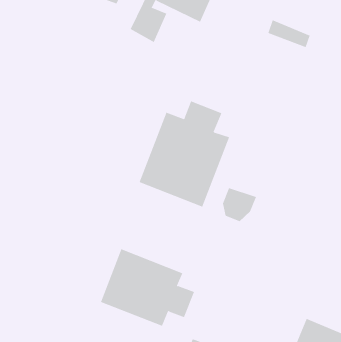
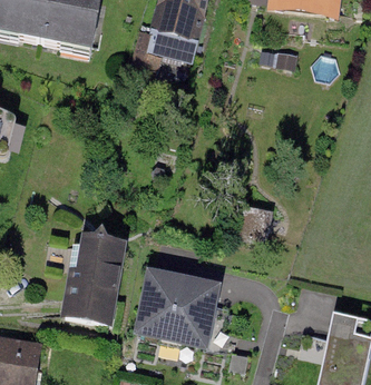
building: [139,101,230,207] -> none
building: none -> [65,236,120,319]

